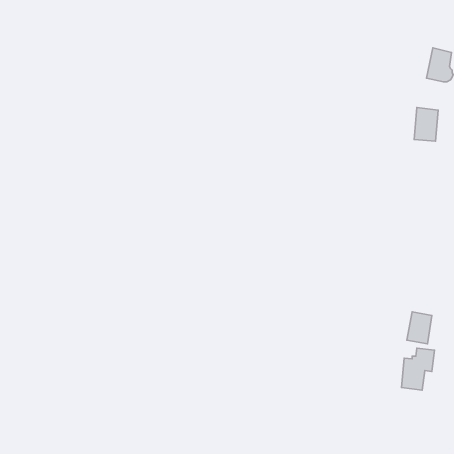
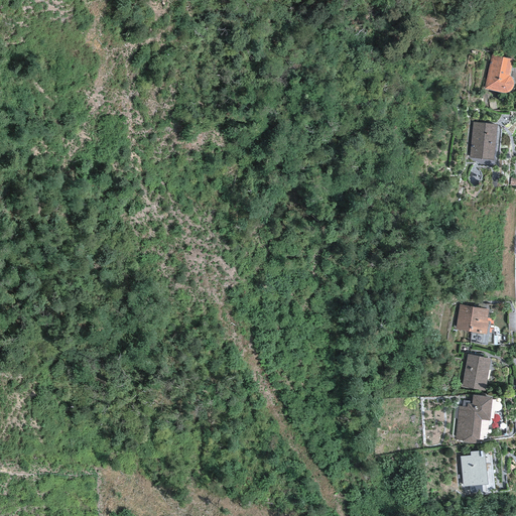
building: none -> [456,305,489,334]
building: none -> [460,450,488,487]

